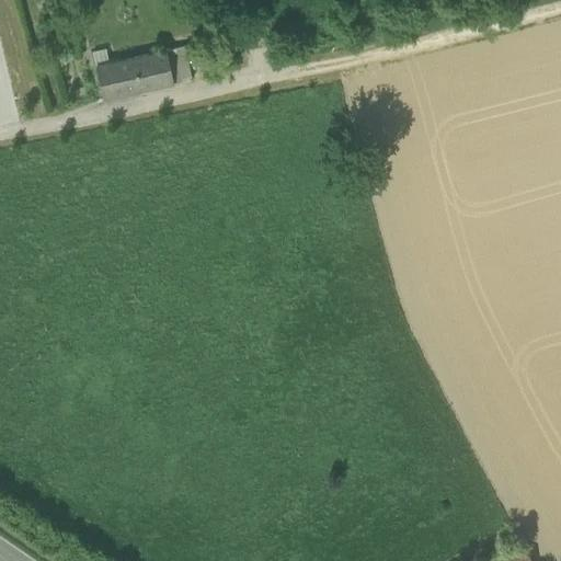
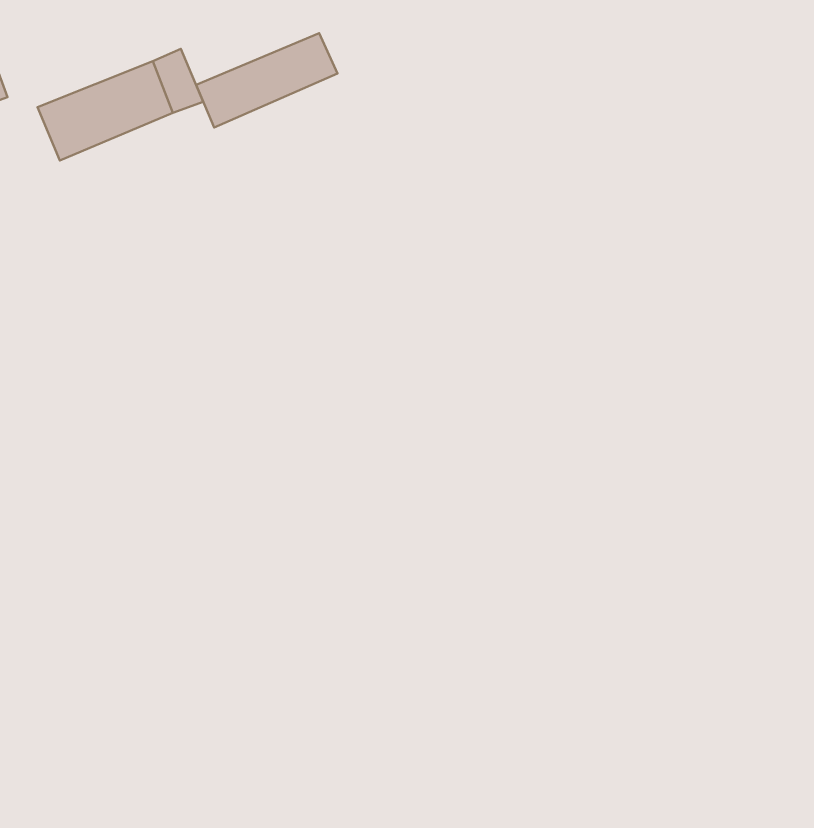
building: none -> [196,33,338,127]

